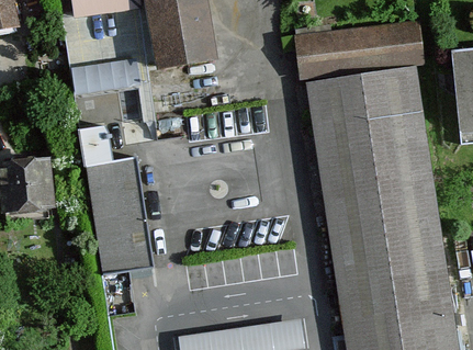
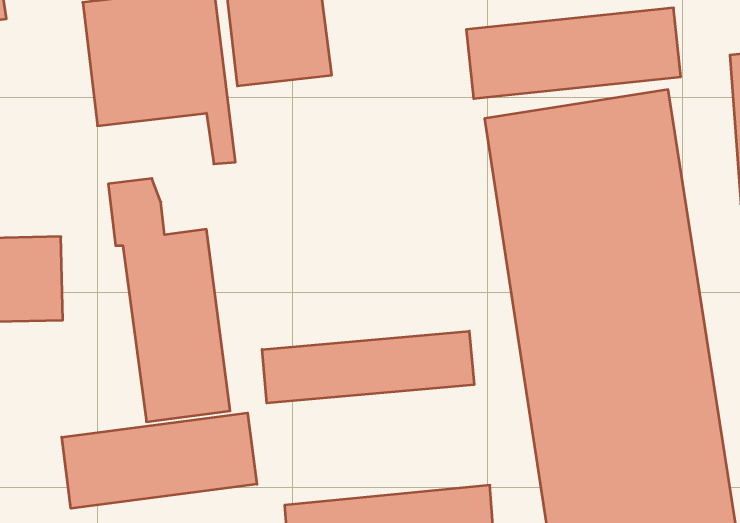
building: none -> [262,331,474,403]
building: none -> [62,413,257,508]

